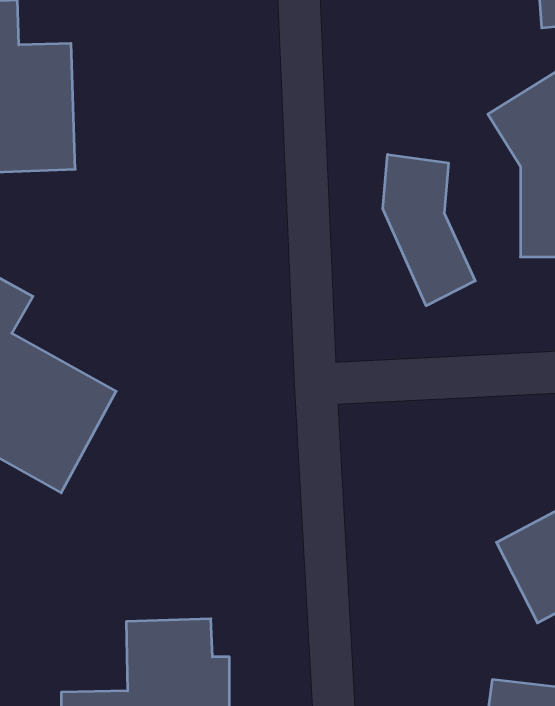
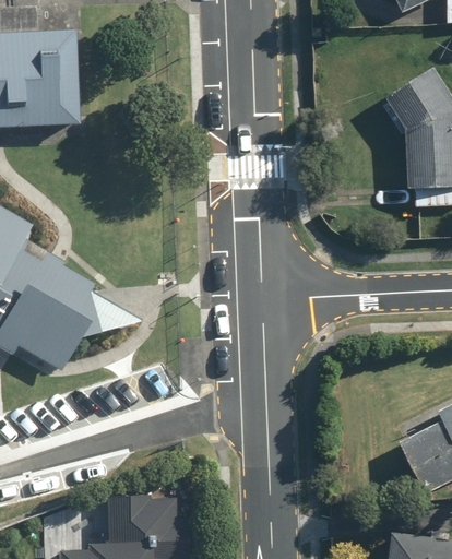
building: [383,154,475,306] -> none

